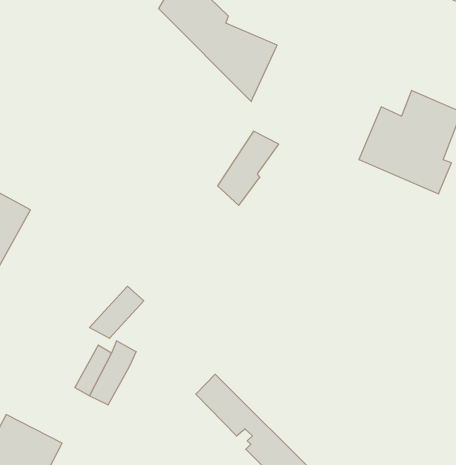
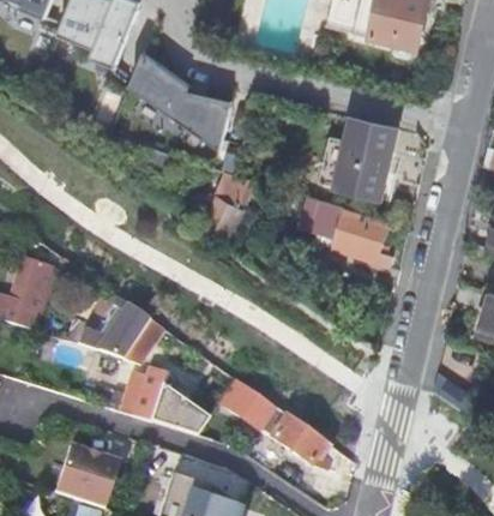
building: none -> [300,197,392,266]
building: none -> [97,305,147,359]
building: none -> [149,385,209,434]

